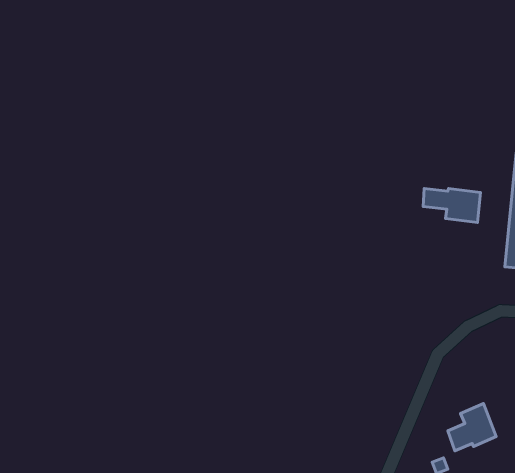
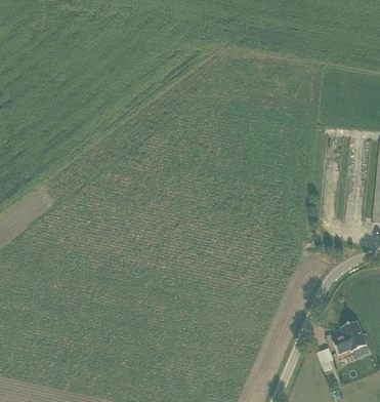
building: [423,188,481,222] -> none

